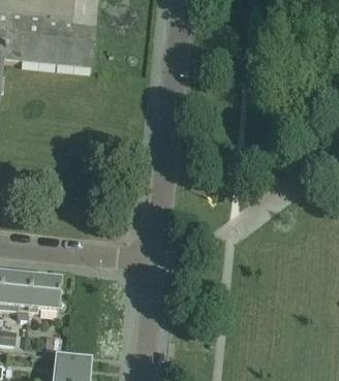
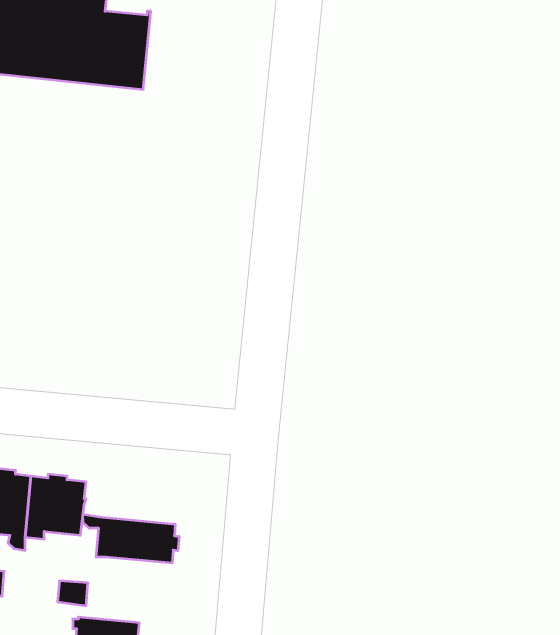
building: none -> [83,514,179,563]

